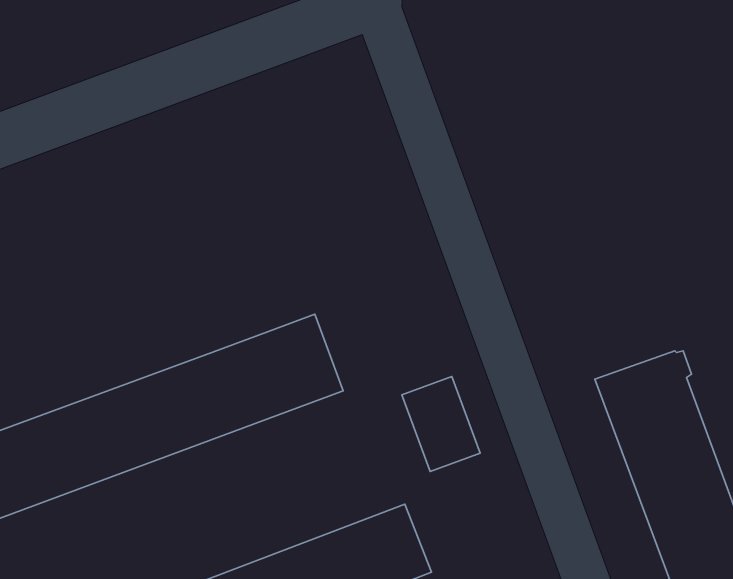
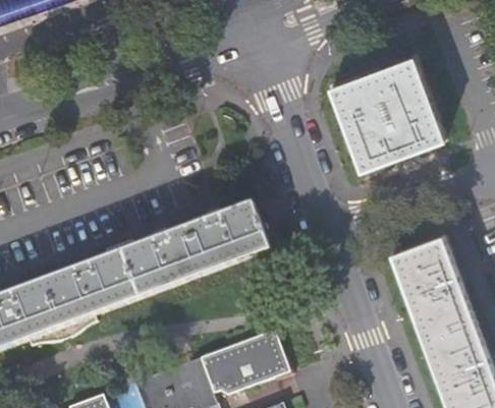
building: none -> [334,67,449,180]
building: [402,377,480,472] -> [219,200,267,258]

